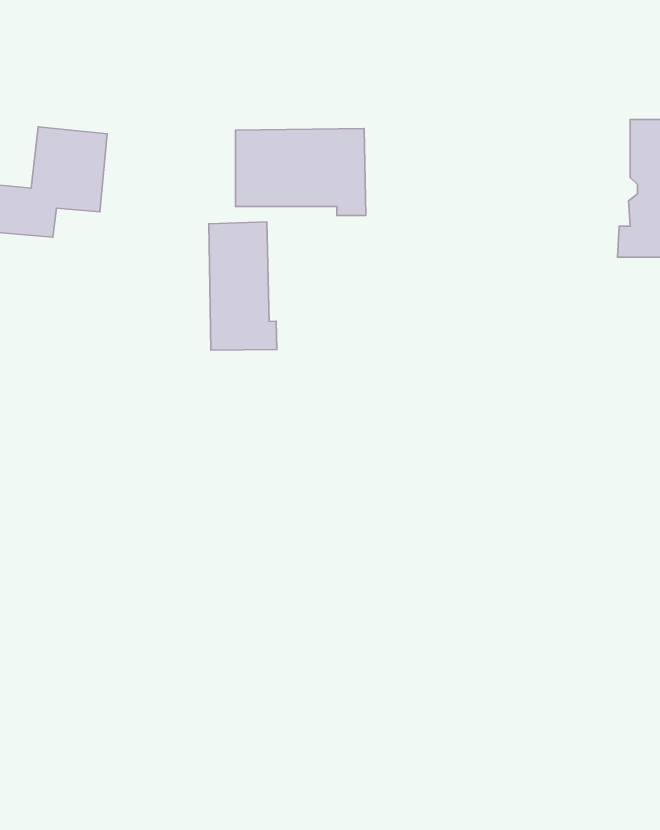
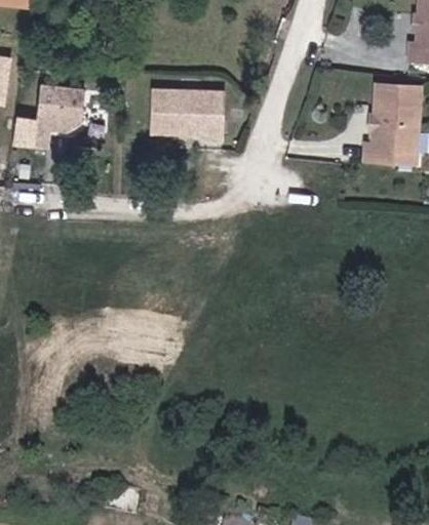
building: [209,222,277,350] -> none

